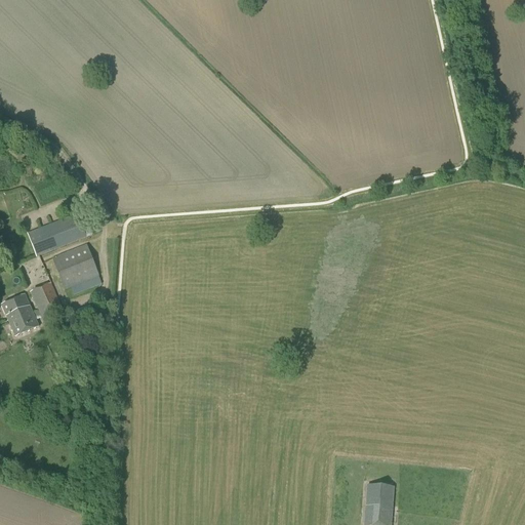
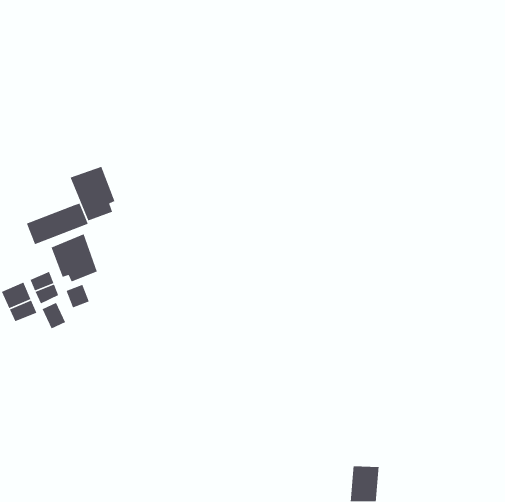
building: none -> [70,166,116,221]
building: none -> [65,284,90,308]
building: none -> [42,302,66,329]

